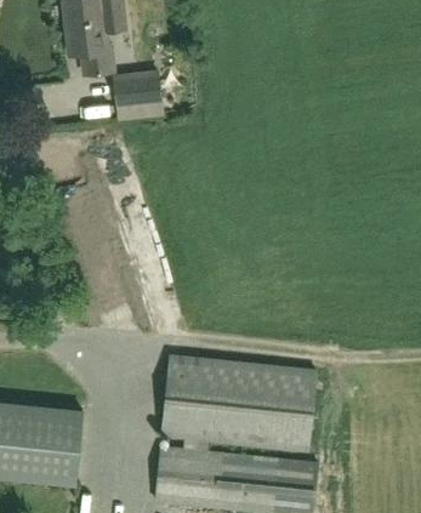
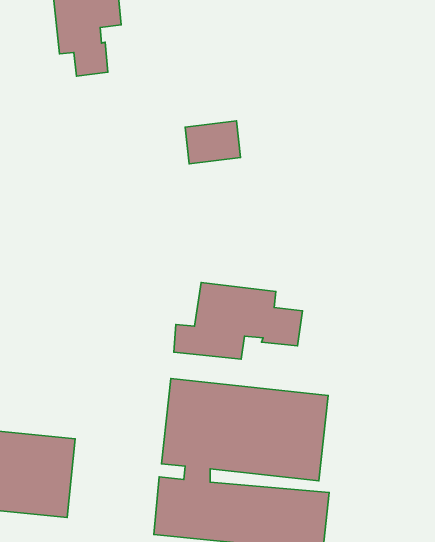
building: [113,70,164,110] -> [185,121,240,164]
building: none -> [174,283,302,359]

